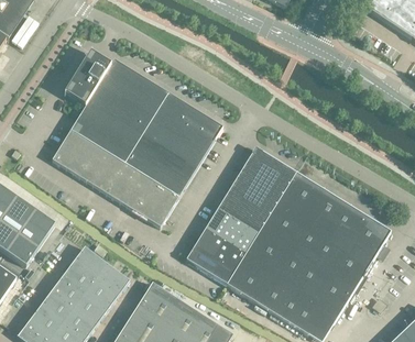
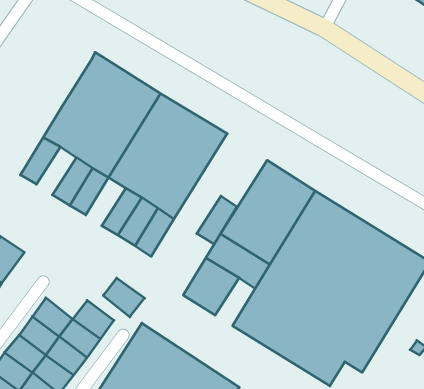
building: [67,53,111,103] -> none
building: [66,136,99,176] -> none
building: [107,162,140,201] -> none
building: [214,244,247,284] -> [197,196,237,244]
building: [74,246,108,278] -> [103,278,145,317]

